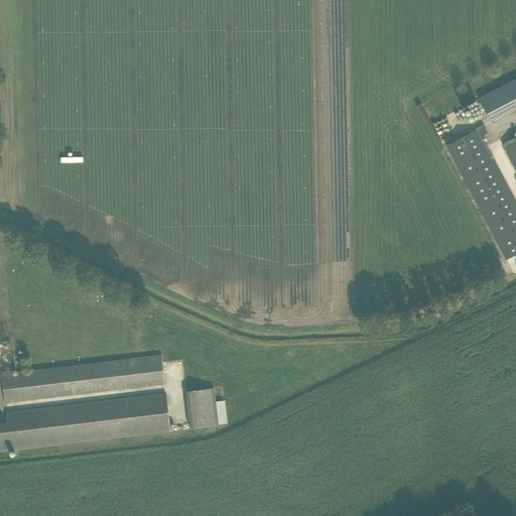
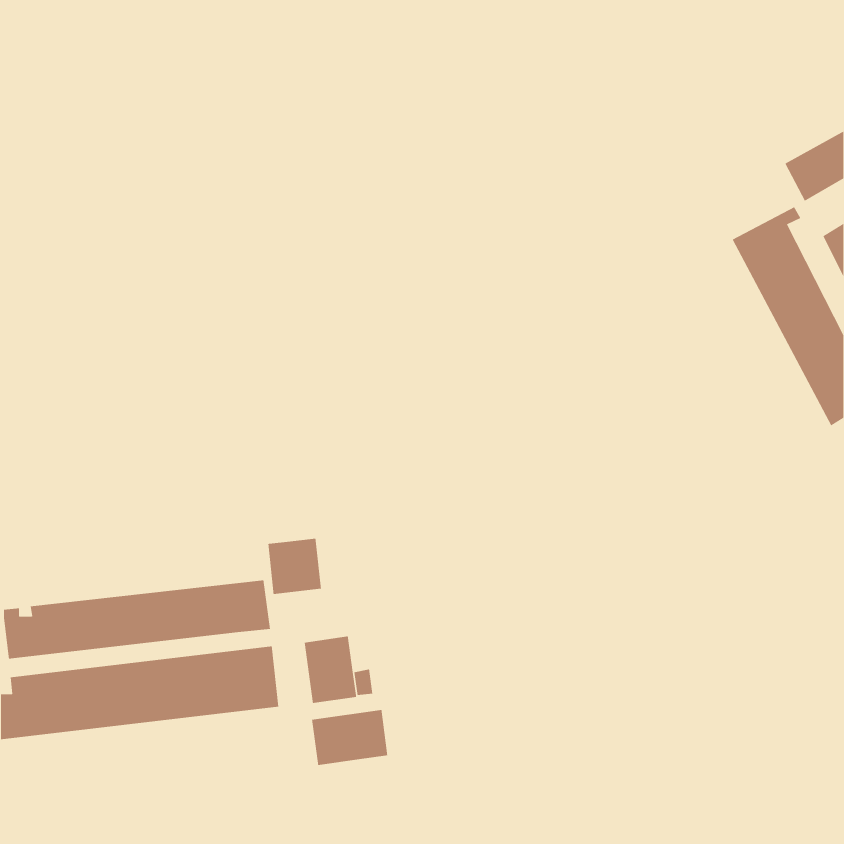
building: none -> [268,538,321,595]
building: none -> [312,709,388,766]

